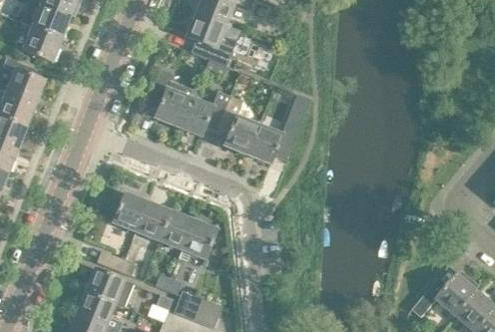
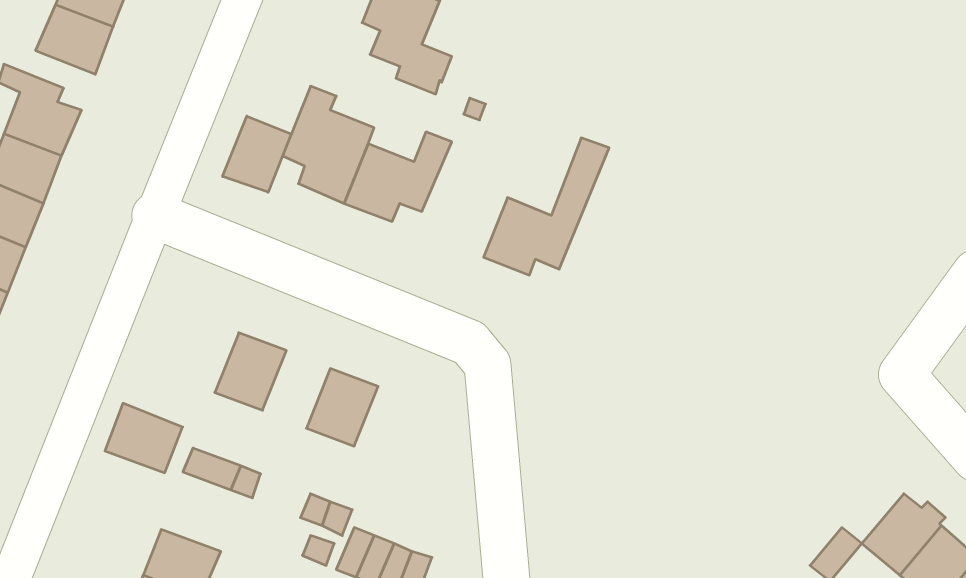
building: none -> [223,116,291,192]
building: [216,96,260,154] -> none
building: [136,202,170,241] -> none
building: [182,220,217,259] -> none
building: [85,268,124,303] -> [105,403,183,473]

